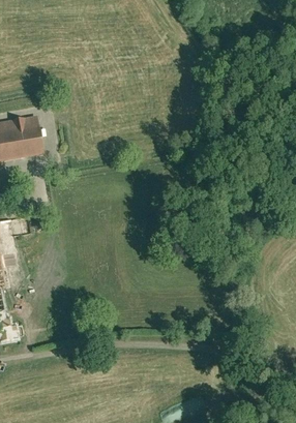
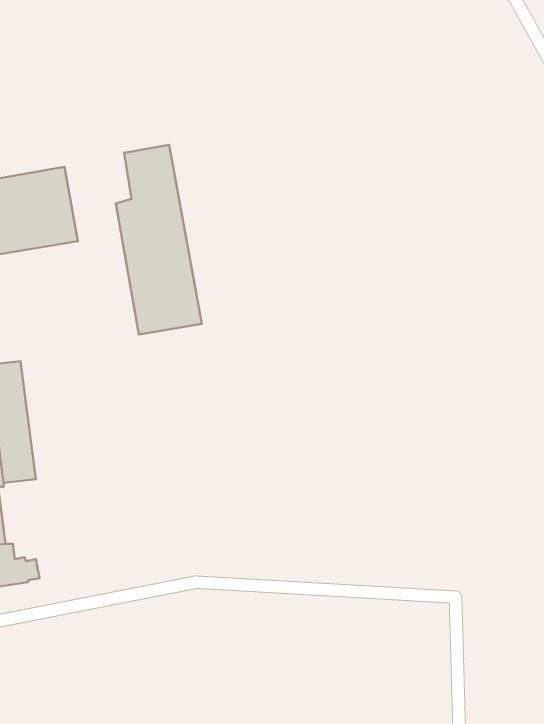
building: none -> [116,145,202,334]

